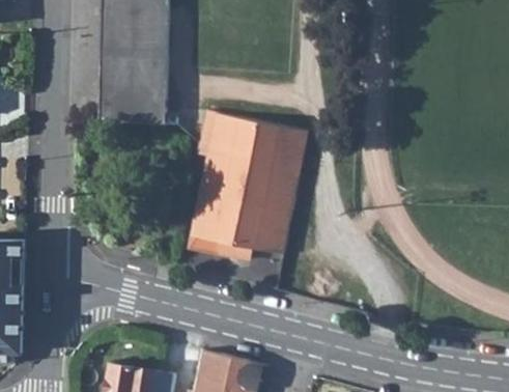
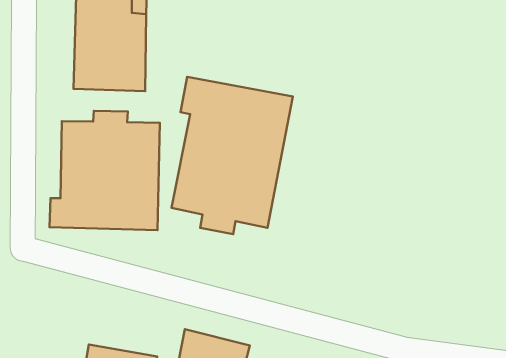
building: none -> [50,111,160,230]

